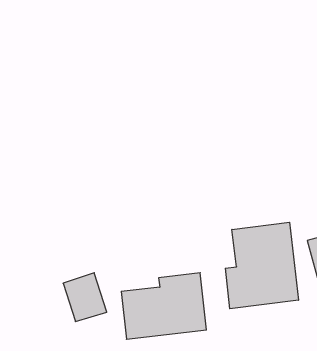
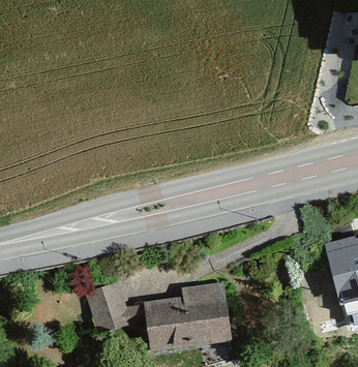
building: [225,222,298,309] -> none

